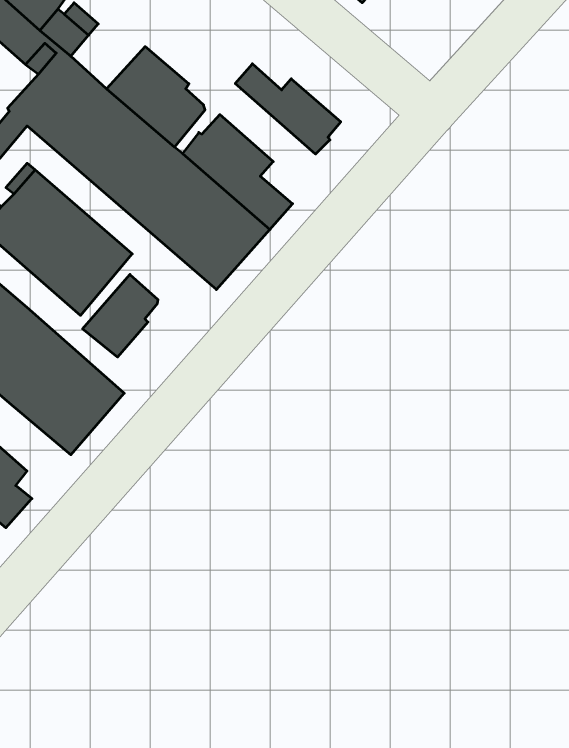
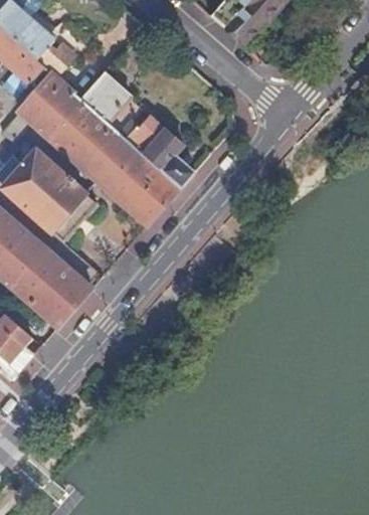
building: [235,64,341,154] -> none
building: [83,274,158,357] -> none

